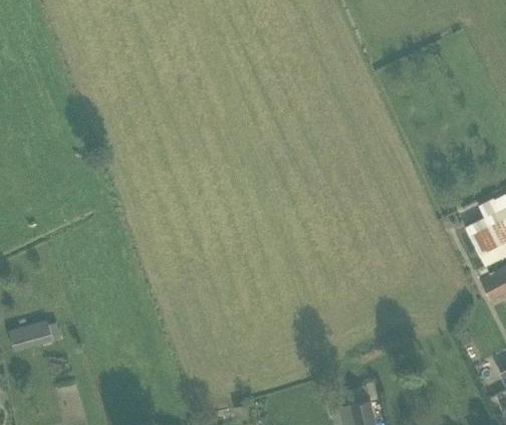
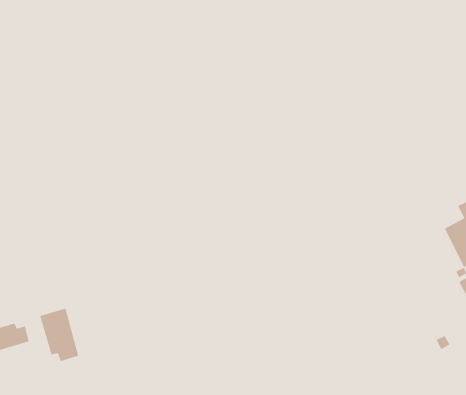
building: none -> [40,308,79,362]

